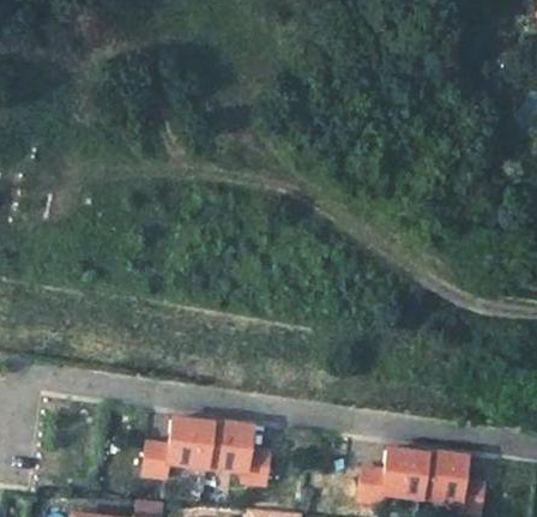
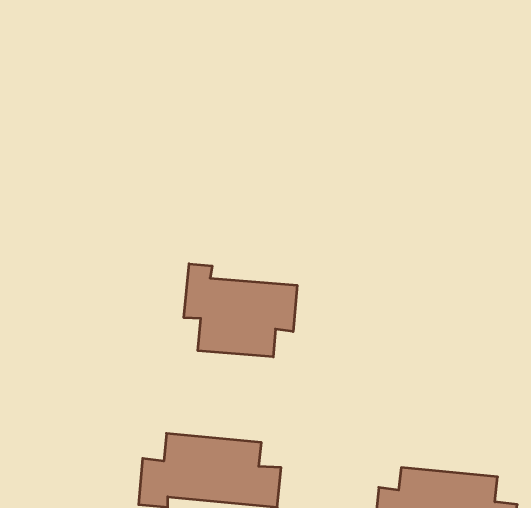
building: none -> [184,264,297,357]

